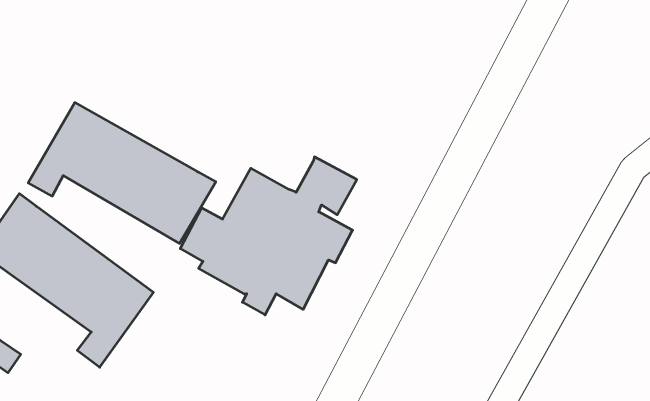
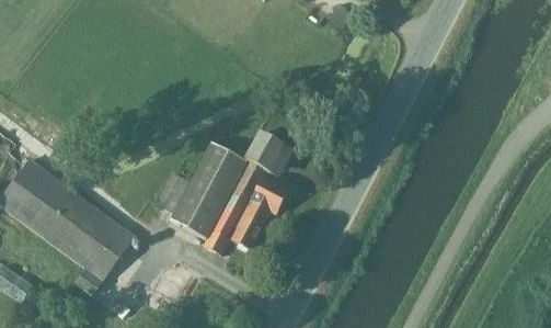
building: [28,103,216,243] -> none

